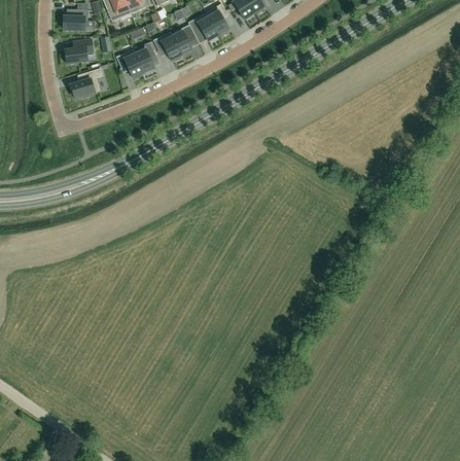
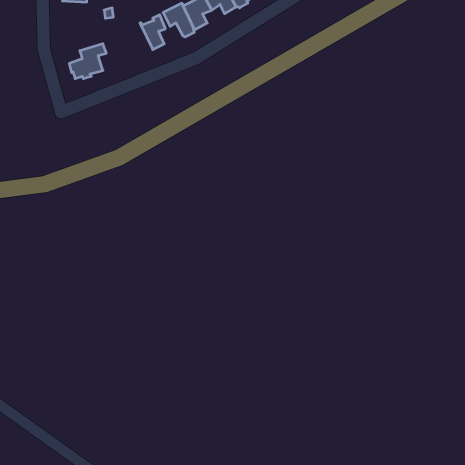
building: [64,41,93,65] -> none
building: [116,48,144,78] -> none

